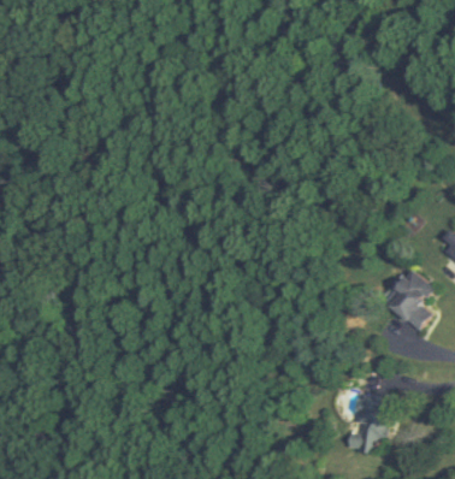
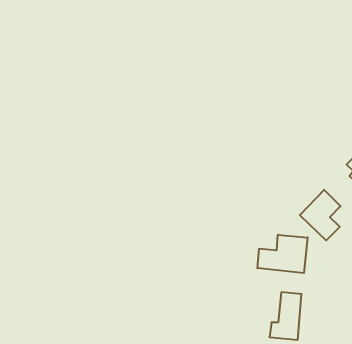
building: none -> [258,235,308,273]

